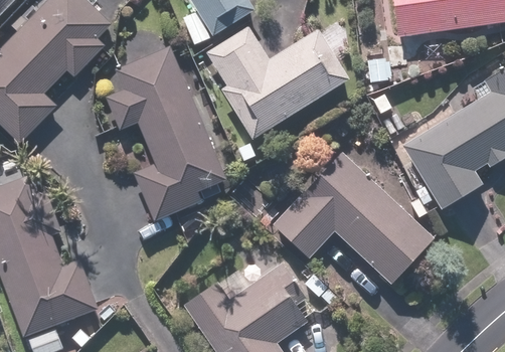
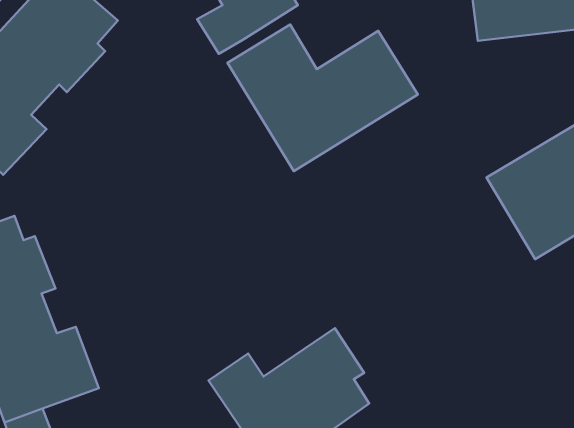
building: [108,45,228,219] -> none
building: [272,149,436,289] -> none

